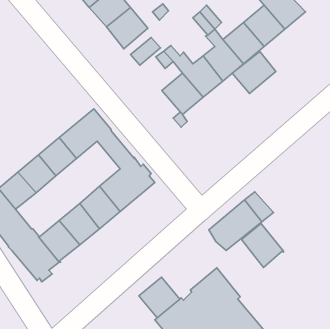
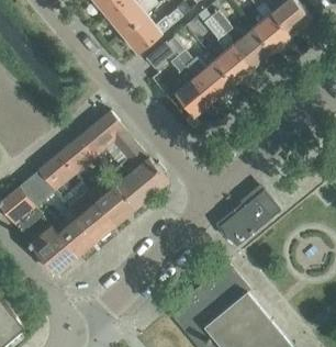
building: [232,51,276,93] -> none
building: [241,223,284,267] -> none
building: [139,277,180,318] -> none

